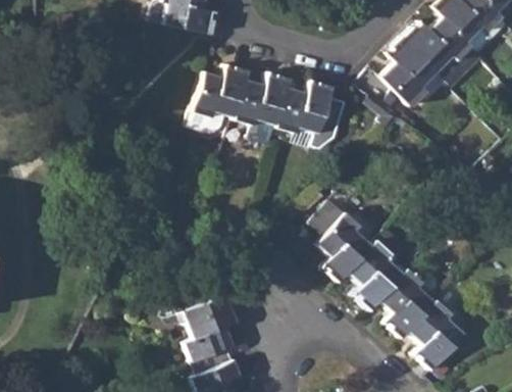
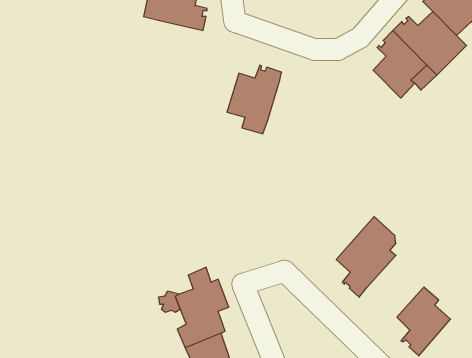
building: [190,63,250,133] -> none
building: [277,80,348,146] -> none
building: [311,199,371,281] -> none
building: [379,267,437,338] -> none

